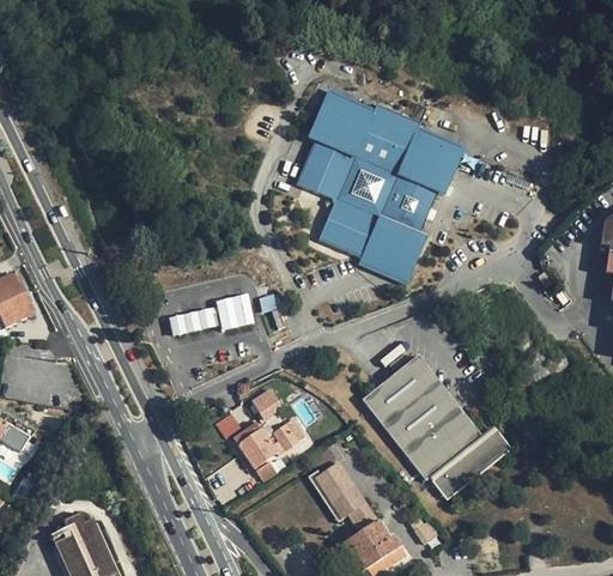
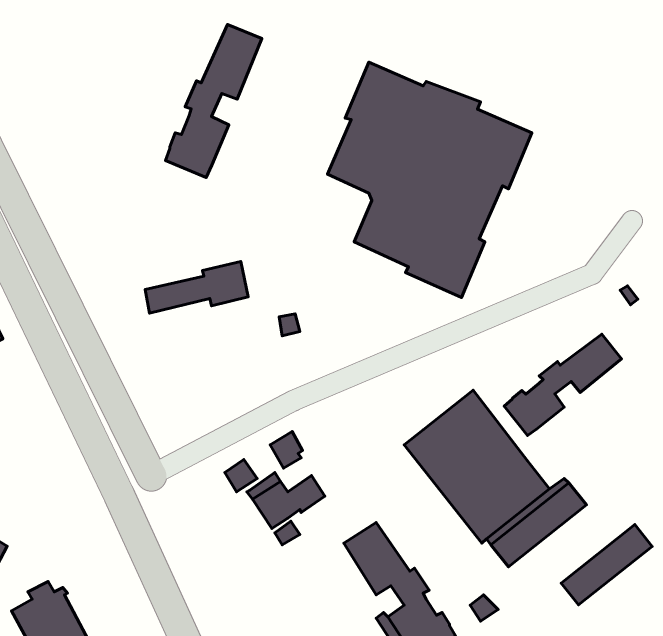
building: none -> [166,25,262,178]
building: [169,297,253,339] -> [145,262,248,313]
building: none -> [504,334,622,436]
building: none -> [561,525,652,605]

